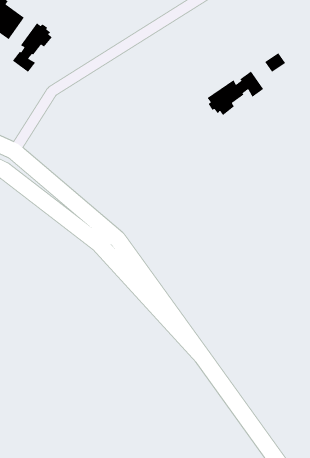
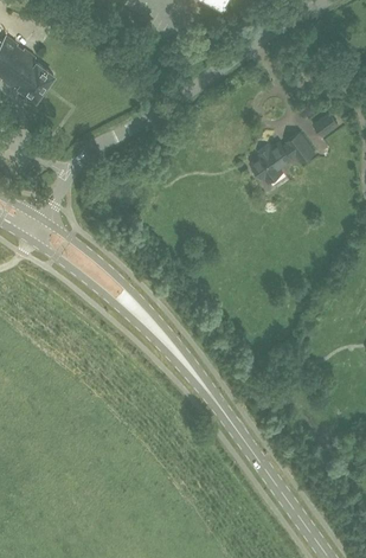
building: [12,22,53,73] -> none

